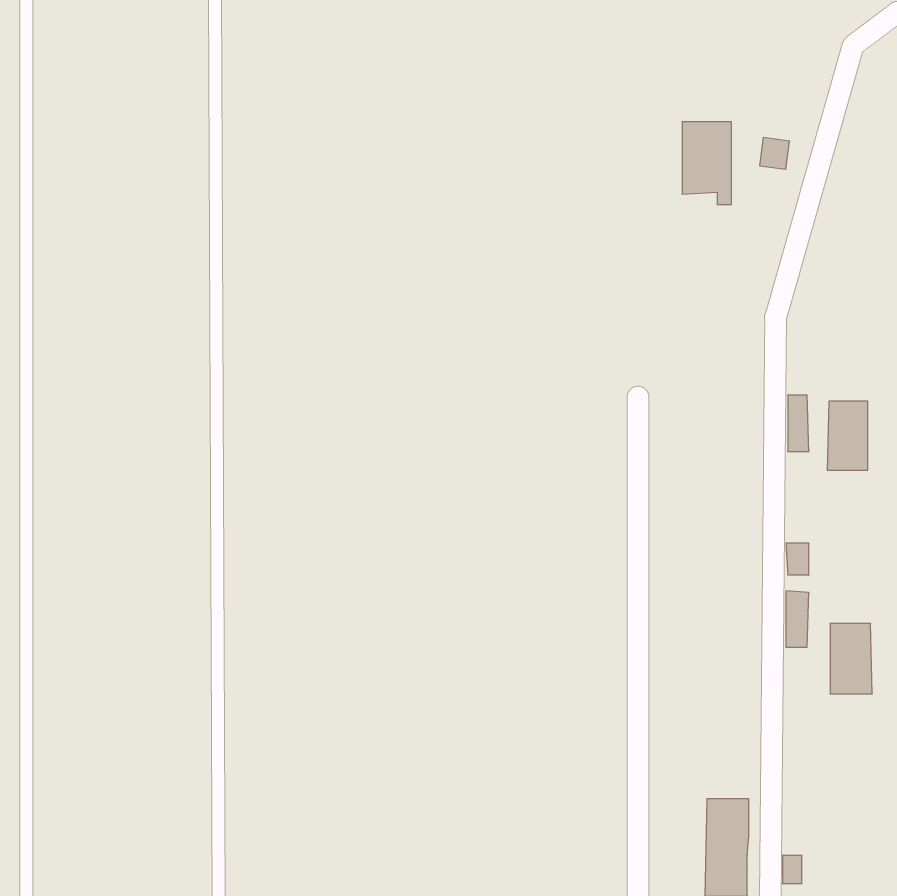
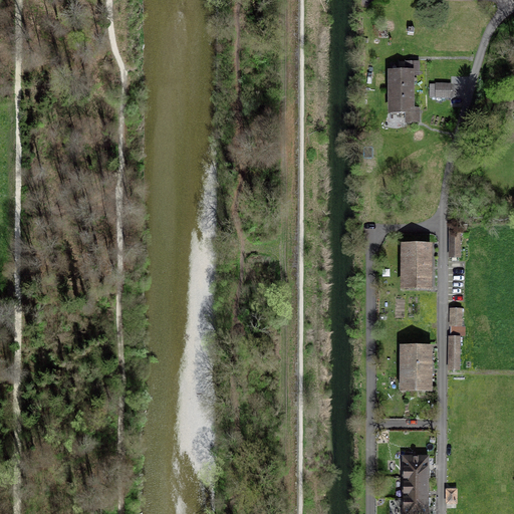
building: [827,401,868,470] -> [403,244,426,283]
building: [830,623,872,694] -> [403,346,427,387]

